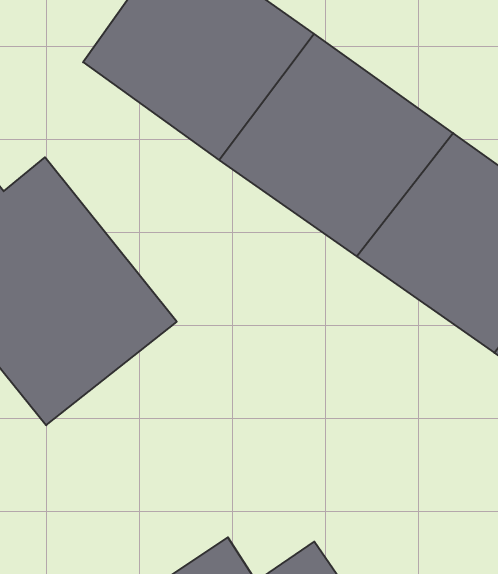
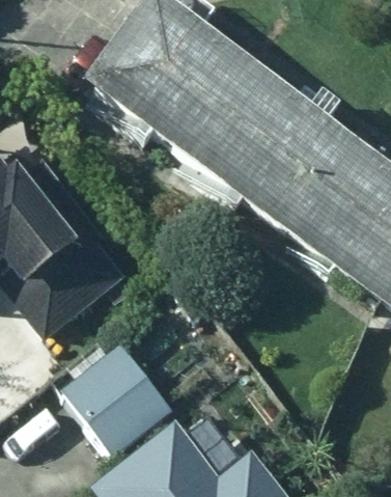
building: none -> [59,341,165,449]

